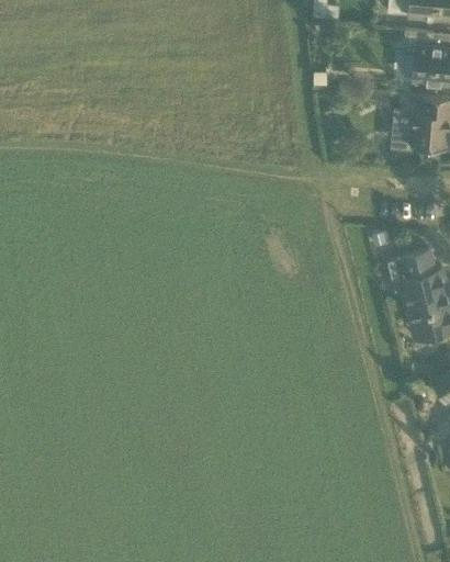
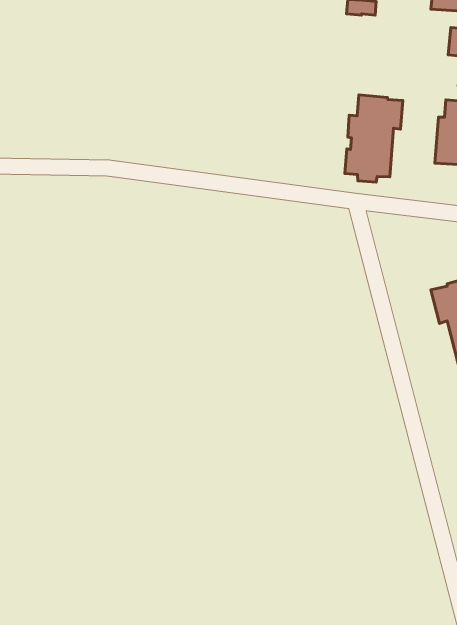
building: none -> [345,95,403,182]

